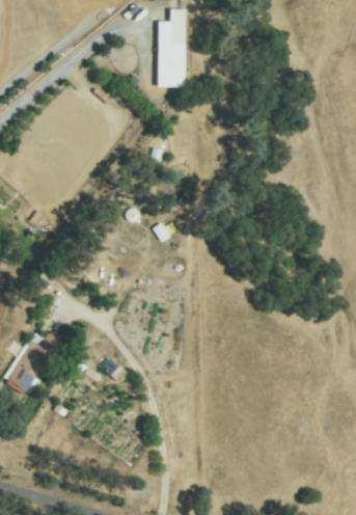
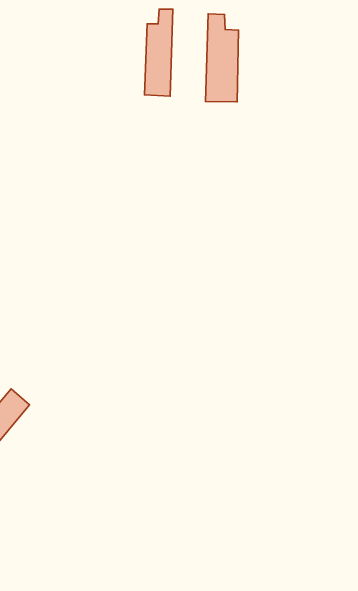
building: none -> [206,14,239,102]

